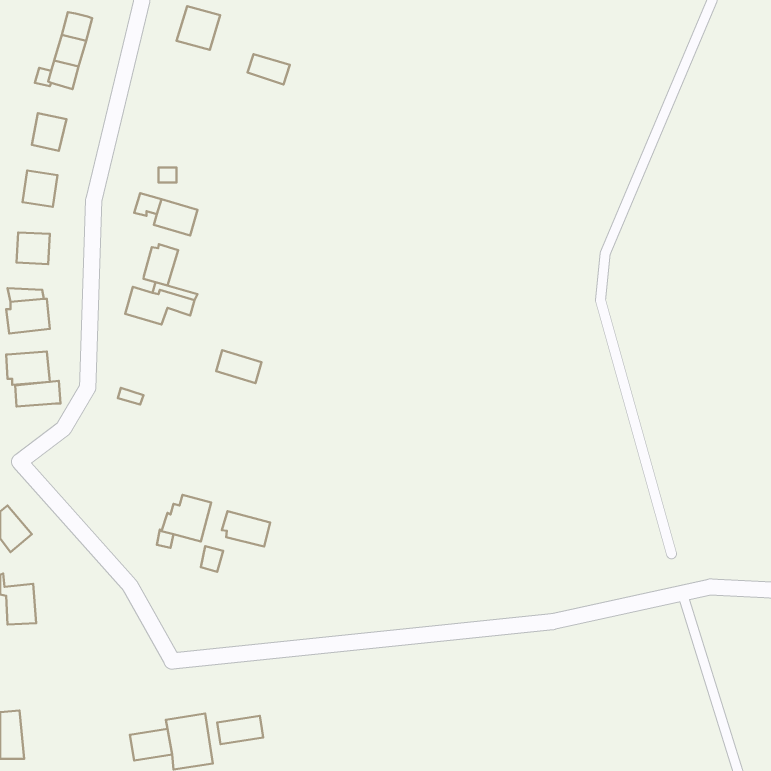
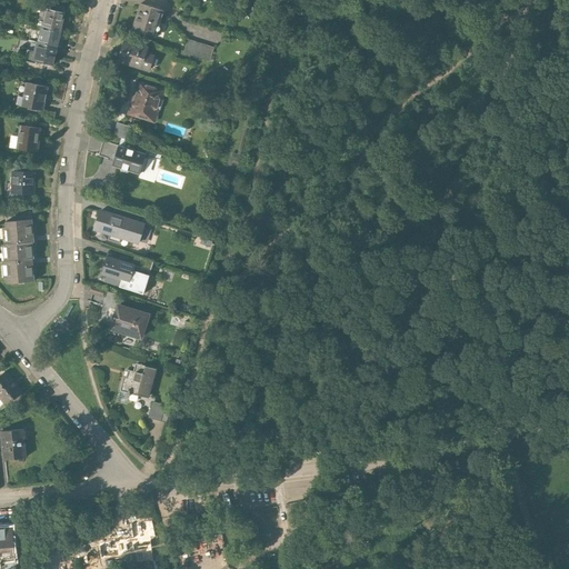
building: none -> [116,40,151,70]
building: none -> [129,82,163,122]
building: [143,244,178,286] -> none
building: [216,350,262,383] -> [101,258,134,282]
building: [15,381,60,406] -> [4,242,38,261]
building: none -> [108,305,148,340]
building: [222,511,270,547] -> none
building: [217,716,263,744] -> none

